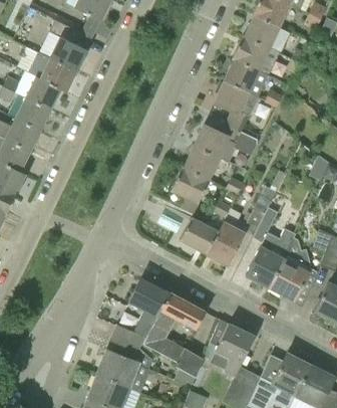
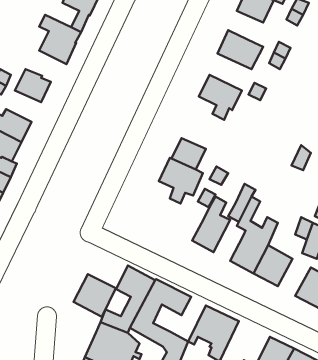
building: [246,17,280,49] -> none
building: [30,53,77,92] -> none
building: [225,61,268,98] -> none
building: [15,98,51,131] -> none
building: [196,123,259,163] -> none
building: [180,217,219,253] -> none
building: none -> [73,274,116,317]

